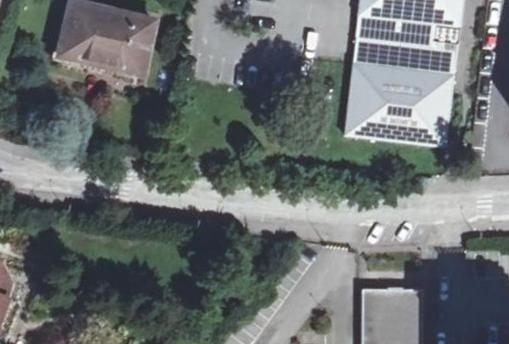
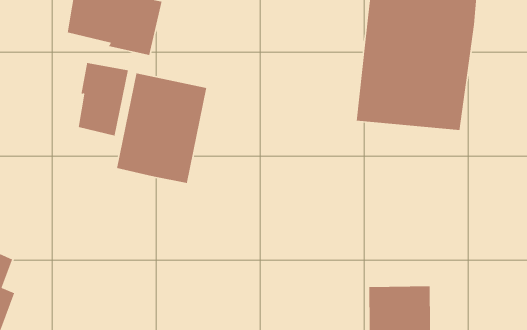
building: none -> [78,62,129,137]
building: none -> [116,72,207,184]

